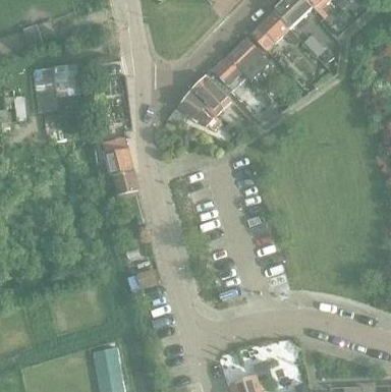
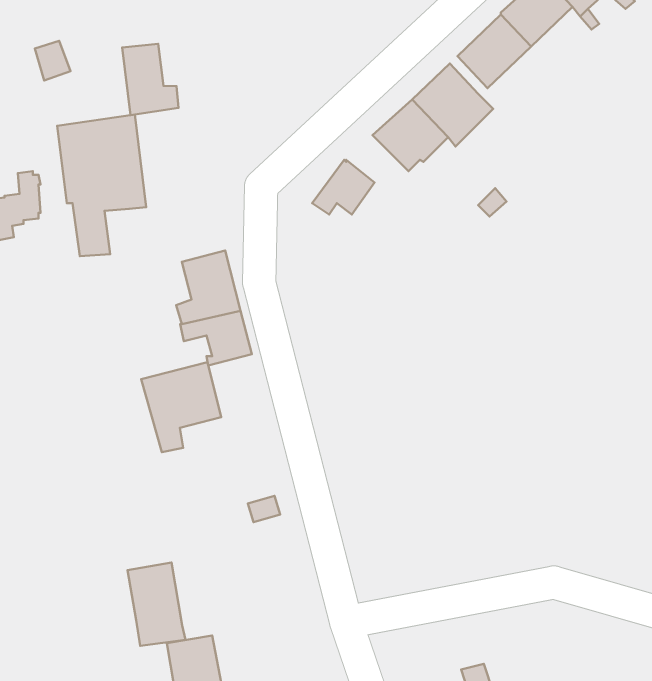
building: none -> [122,44,178,115]
building: [190,74,230,130] -> none
building: none -> [141,362,221,452]
building: none -> [127,563,185,646]

